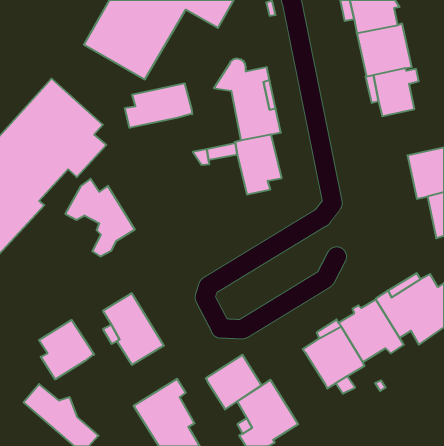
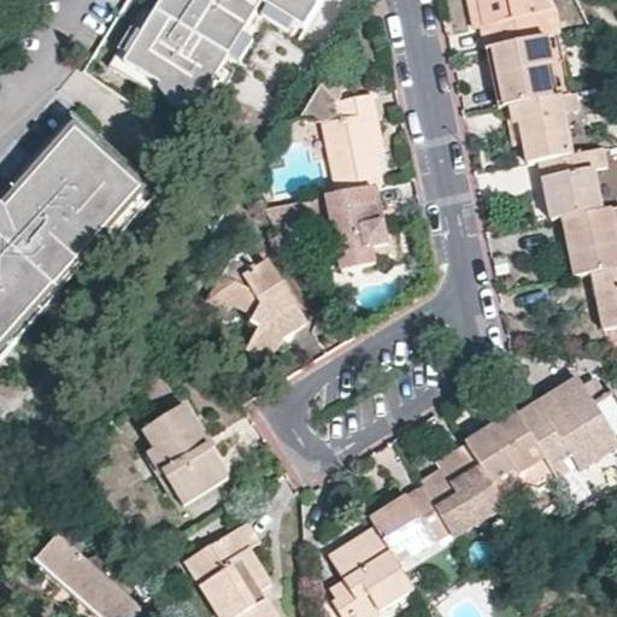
building: [125,83,192,128] -> none
building: none -> [539,151,603,217]
building: [65,179,135,256] -> [208,252,305,359]
building: [39,320,94,379] -> none
building: [206,355,262,410] -> [371,487,448,563]

